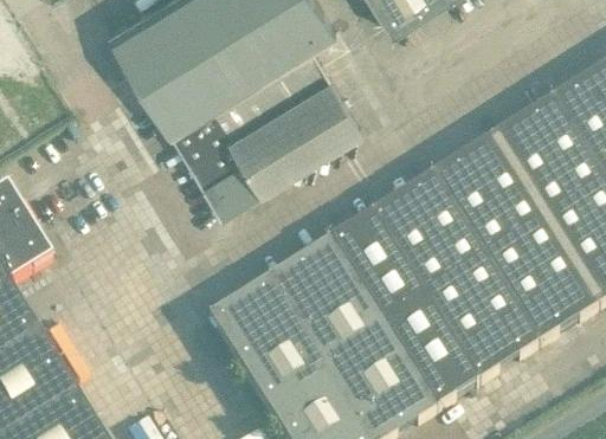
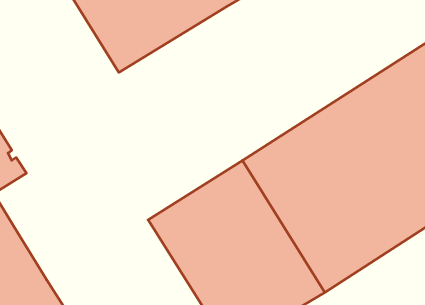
building: [170,45,361,215] -> none

